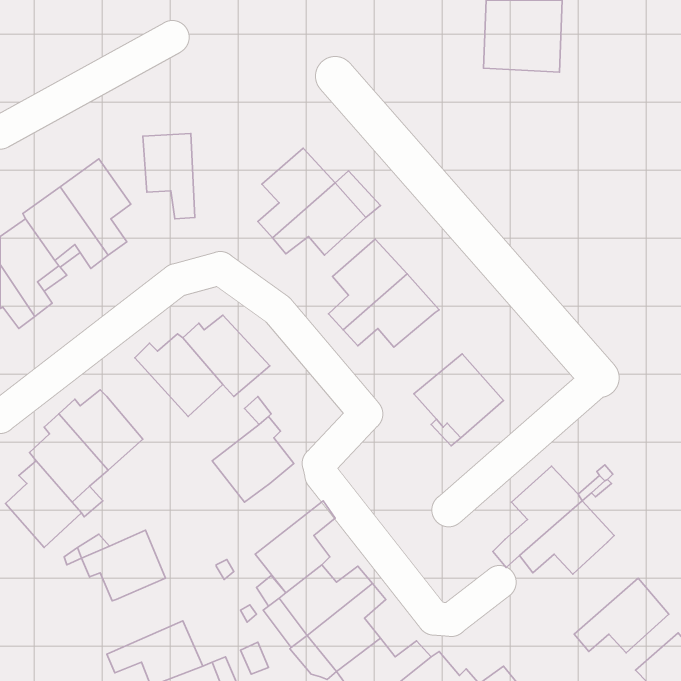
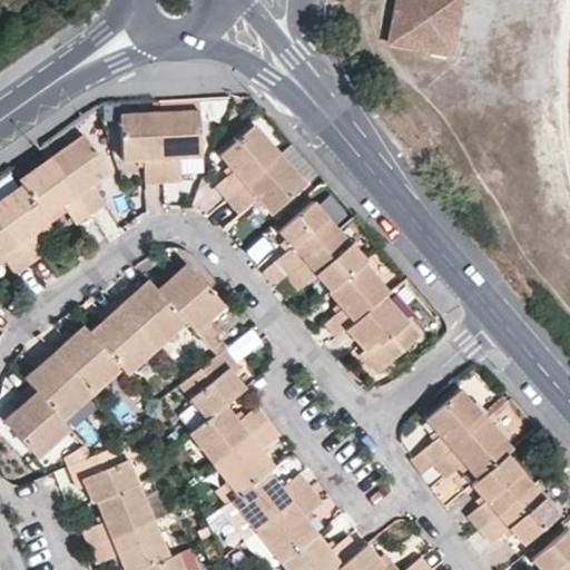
building: none -> [160,110,202,183]
building: none -> [325,262,390,337]
building: none -> [90,299,158,375]
building: none -> [189,404,271,463]
building: none -> [468,453,533,530]
building: none -> [83,483,154,547]

